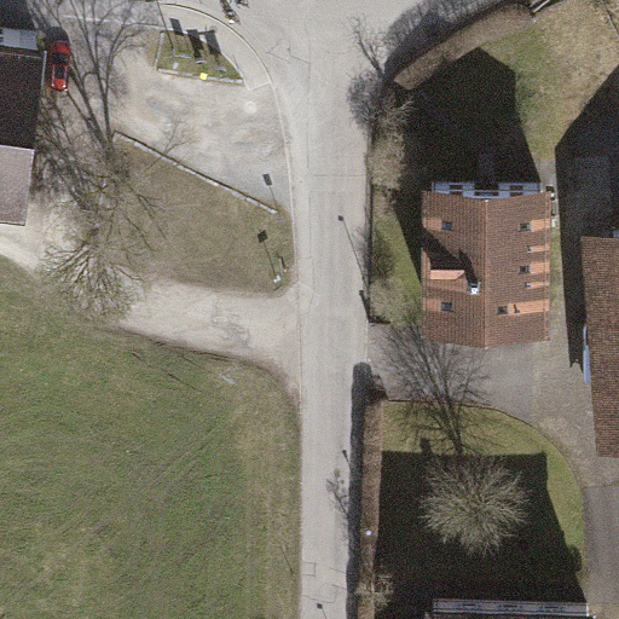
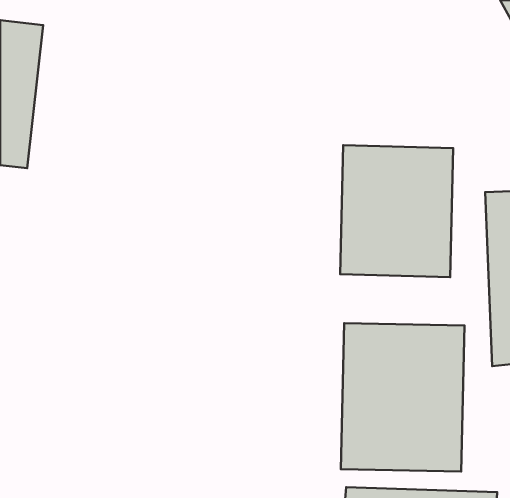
building: none -> [341,323,465,472]

